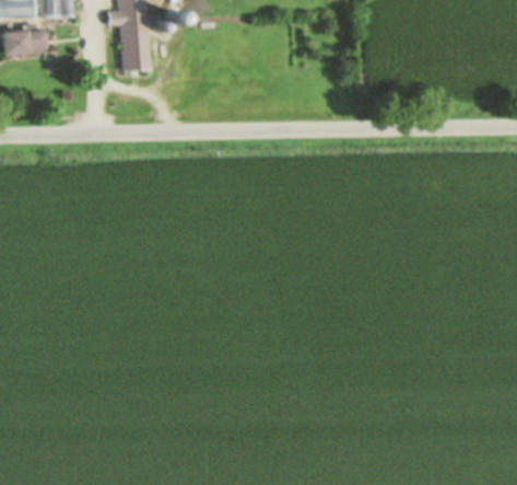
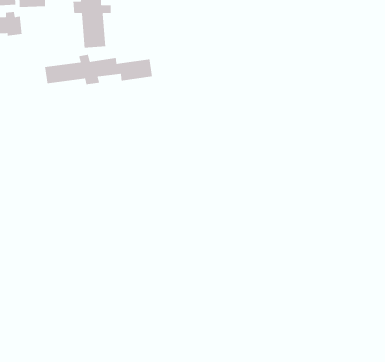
building: none -> [44,54,153,85]

